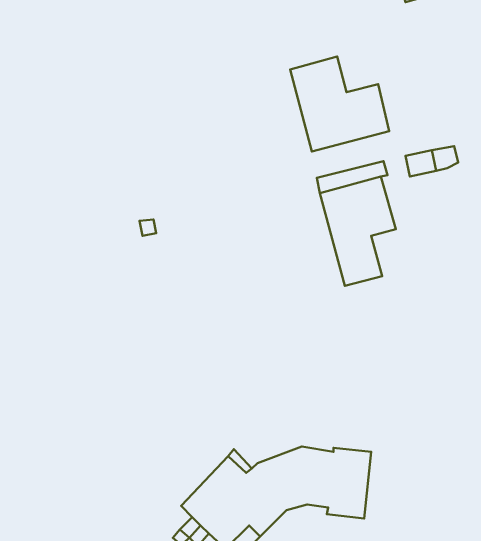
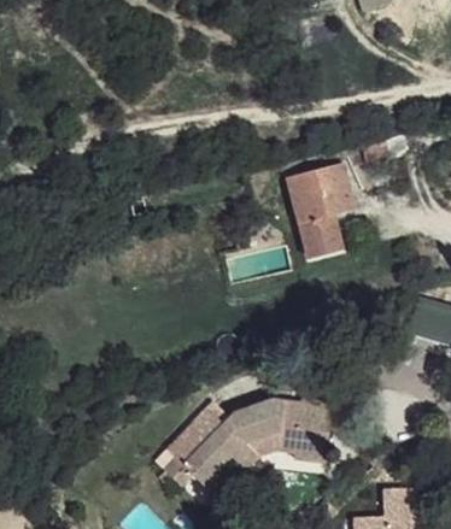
building: [290,57,389,151] -> none

